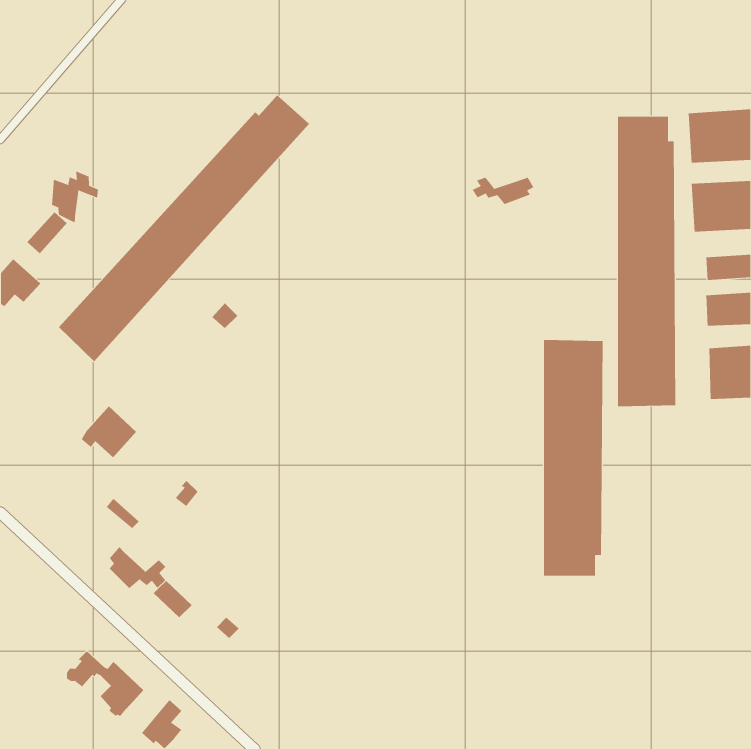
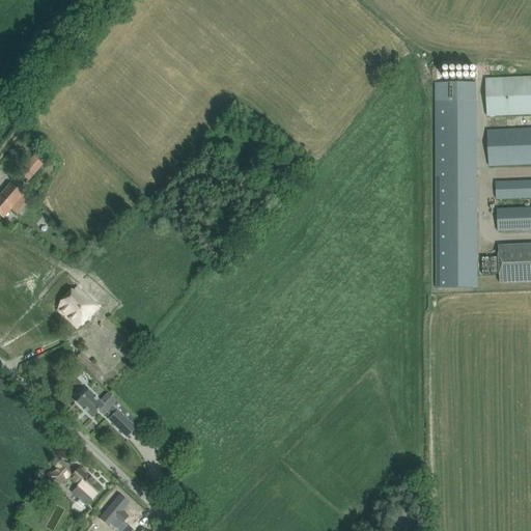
building: [58,94,310,362] -> none
building: [51,170,98,224] -> none
building: [472,177,534,205] -> none
building: [543,339,603,576] -> none

